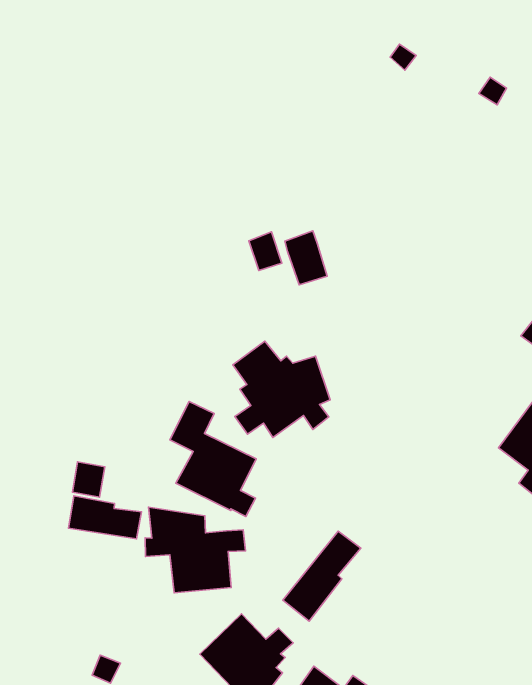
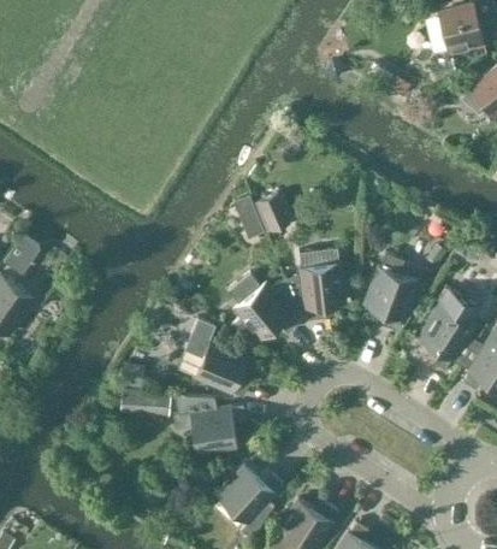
building: none -> [285,248,345,320]
building: none -> [363,254,416,331]
building: [283,531,361,621] -> none

